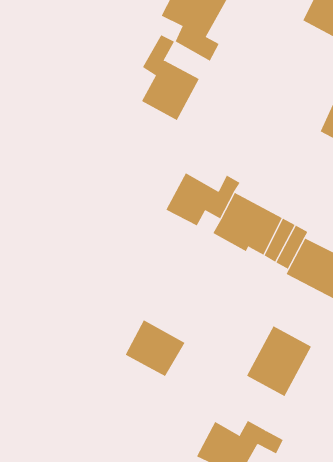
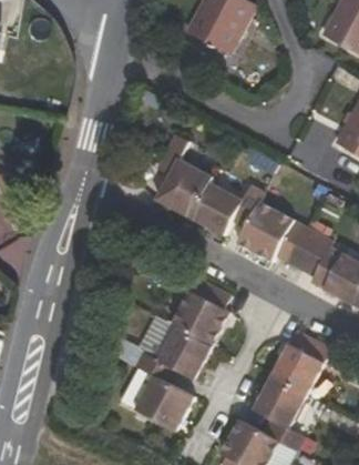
building: [141,34,200,121] -> [161,137,216,219]
building: none -> [174,276,233,345]
building: none -> [123,351,195,428]
building: none -> [255,376,308,428]

